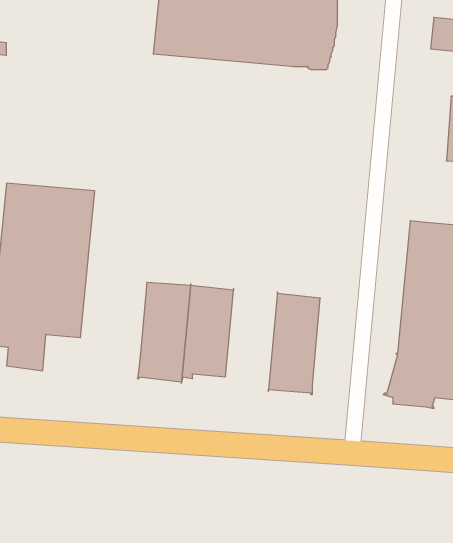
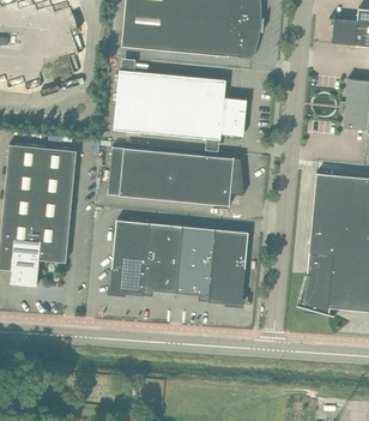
building: none -> [114,59,247,152]
building: none -> [108,148,244,208]
building: none -> [176,225,216,303]

